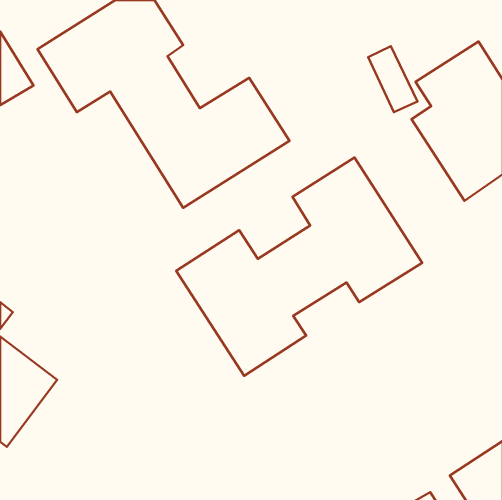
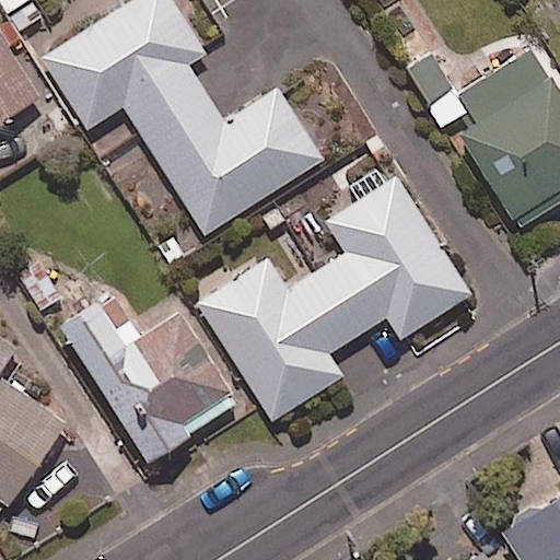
building: none -> [58,295,236,462]

